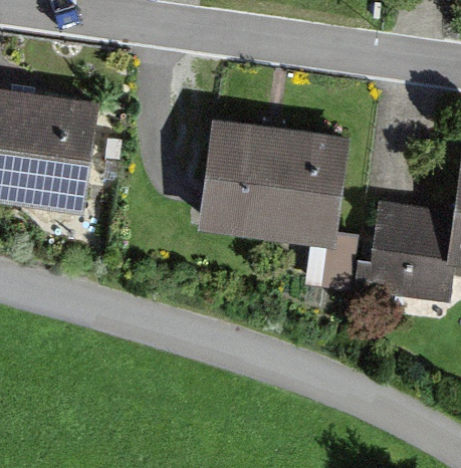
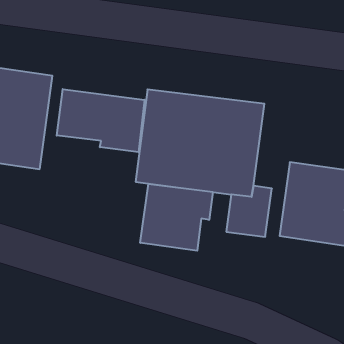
building: none -> [57,89,144,152]
building: none -> [140,184,213,251]

